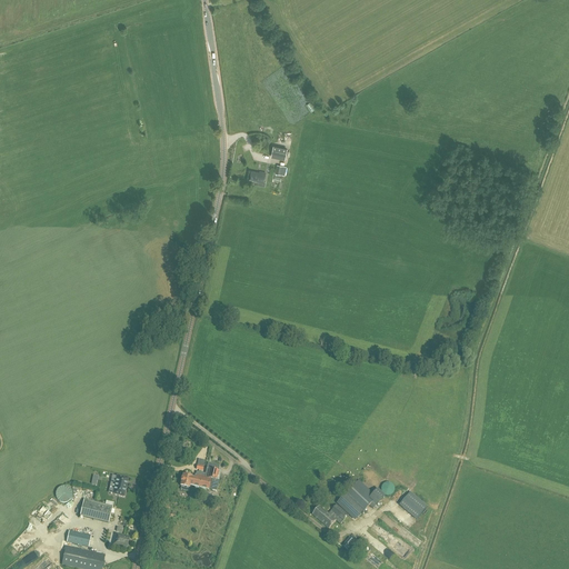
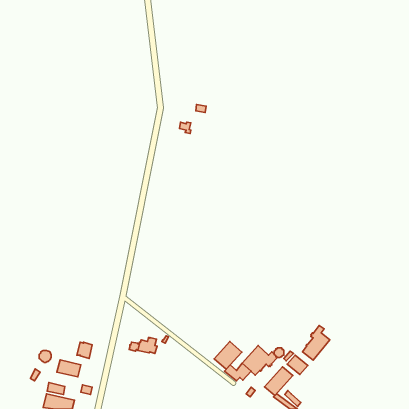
building: none -> [302,325,330,360]
building: none -> [214,342,242,369]
building: none -> [264,367,293,396]

